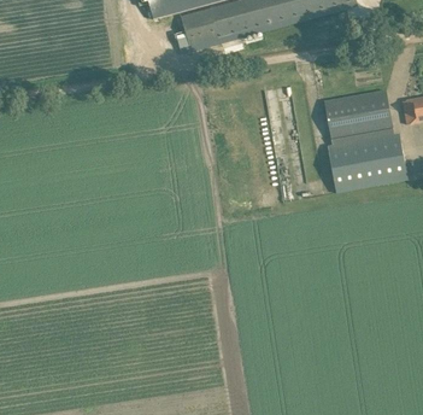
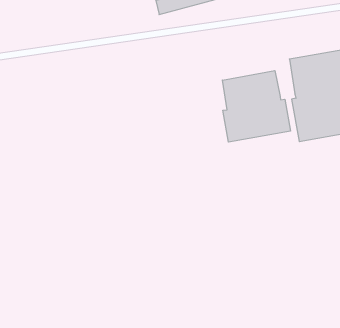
building: none -> [222,71,290,142]

